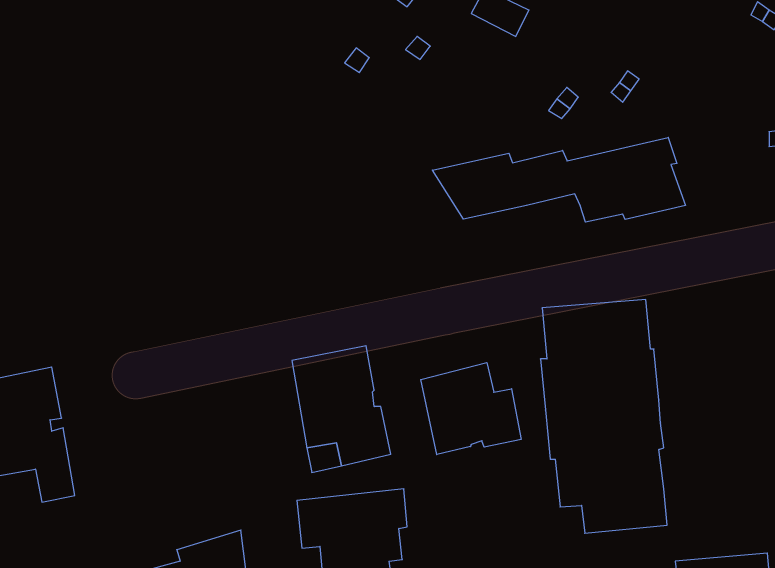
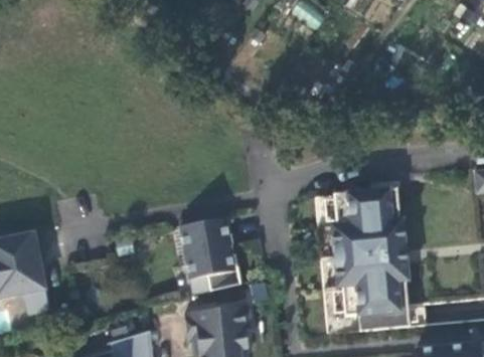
building: [432,137,685,222] -> none
building: [421,363,521,455] -> none

